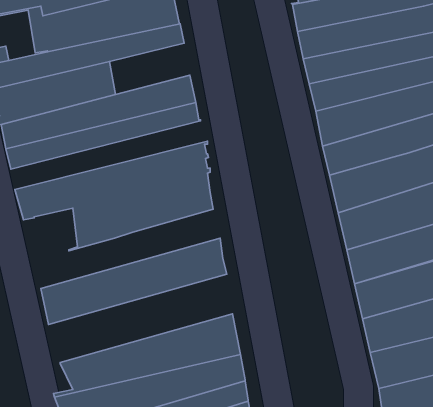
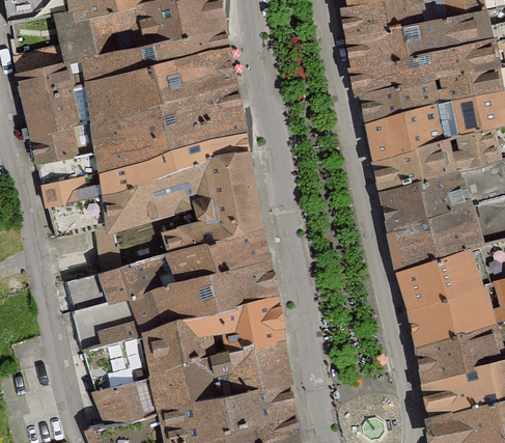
building: none -> [148,50,234,105]
building: none -> [43,133,253,206]
building: none -> [67,227,266,312]
building: none -> [83,297,280,391]

